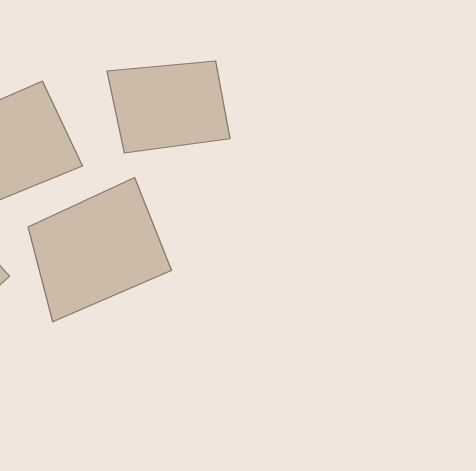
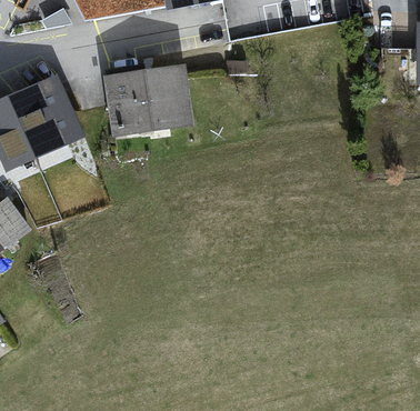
building: [28,178,171,322] -> none

